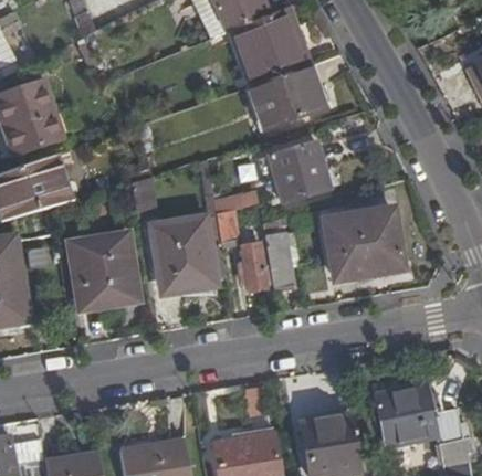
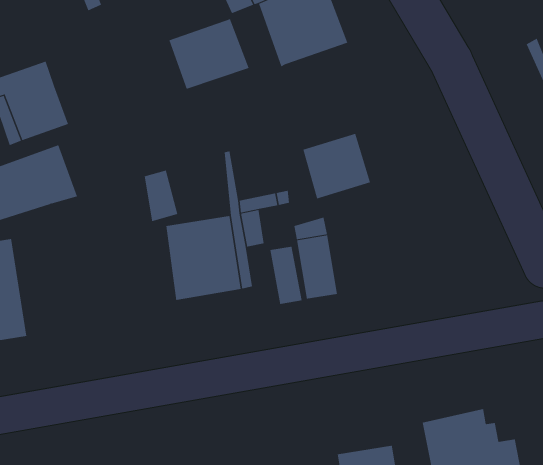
building: [255,64,326,126] -> [168,19,250,90]
building: [323,209,405,279] -> none
building: [66,231,140,308] -> none

